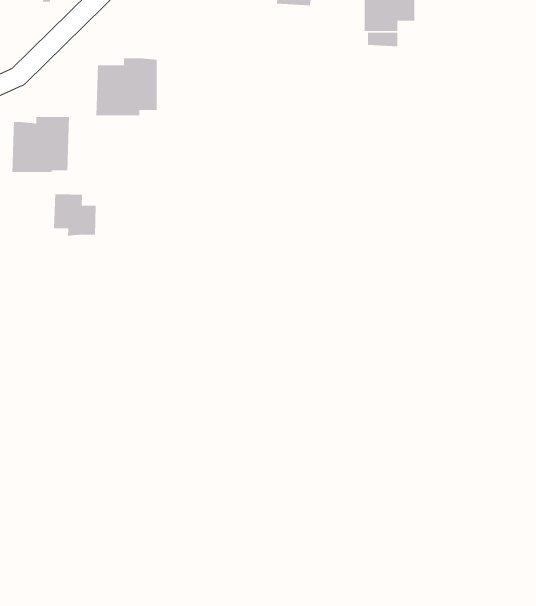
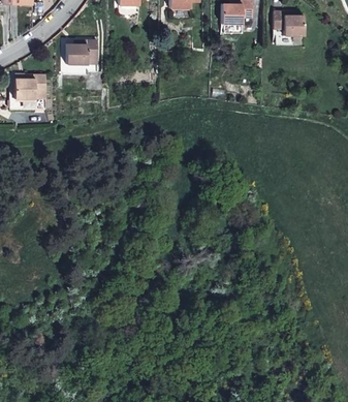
building: none -> [274,10,305,34]
building: [53,193,97,236] -> none

